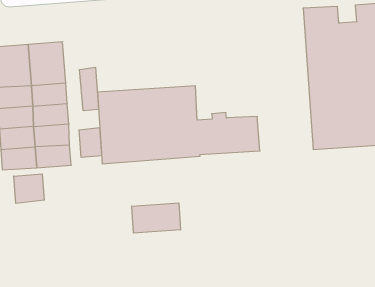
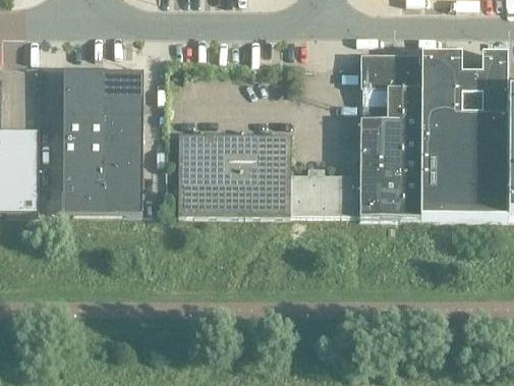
building: none -> [359,53,421,216]
building: [79,67,99,111] -> none
building: [79,128,102,157] -> none
building: [14,174,44,203] -> none
building: [132,203,181,233] -> none

